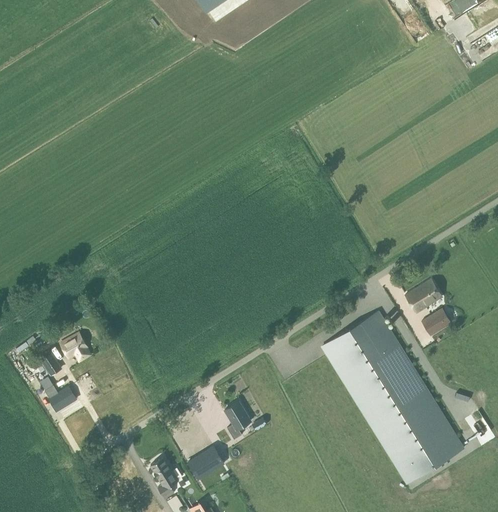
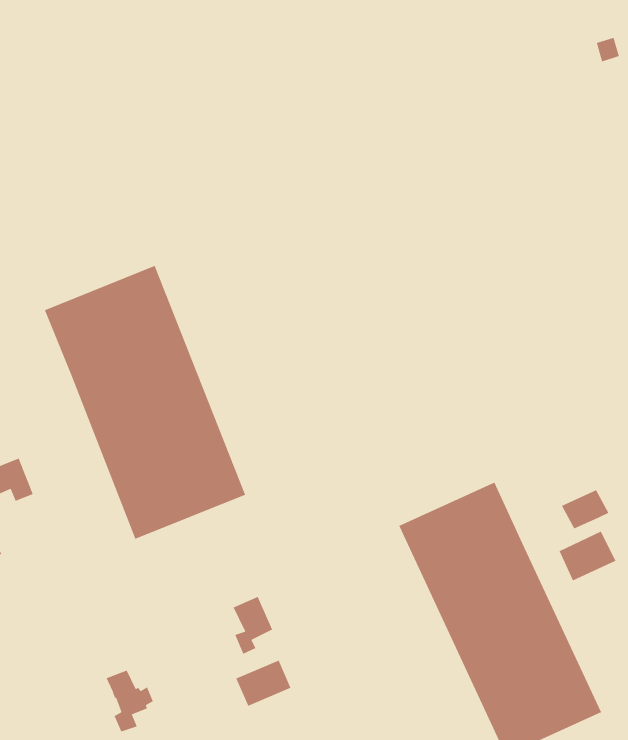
building: none -> [44,265,246,540]
building: [405,279,442,313] -> [559,531,617,581]
building: [188,446,224,478] -> [235,660,292,707]

